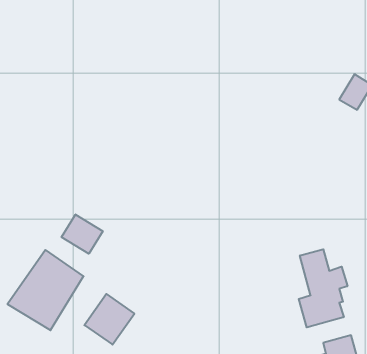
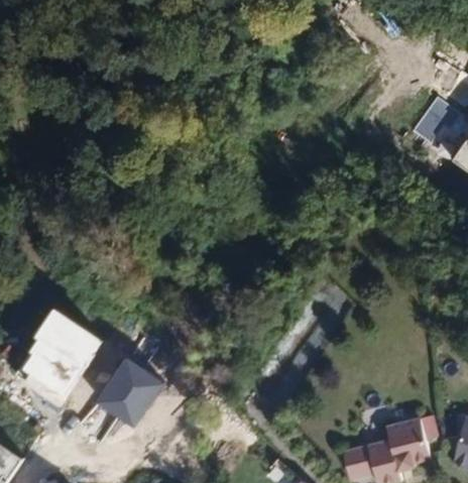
building: [62,214,103,254] -> none
building: [299,249,347,327] -> none

